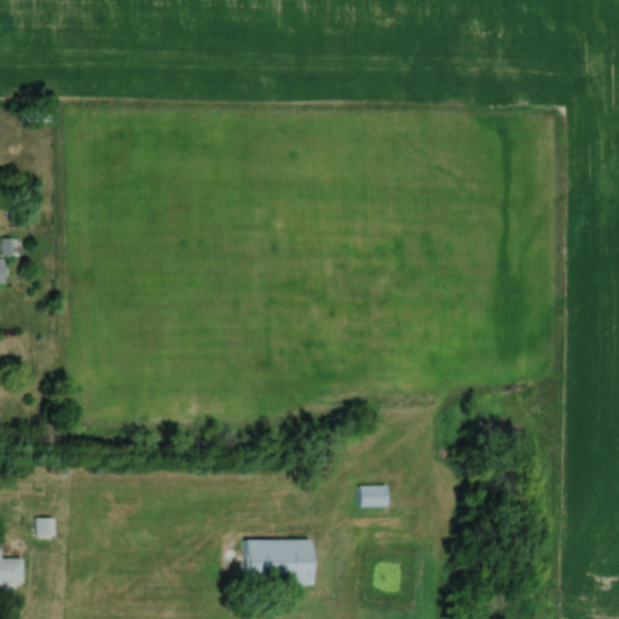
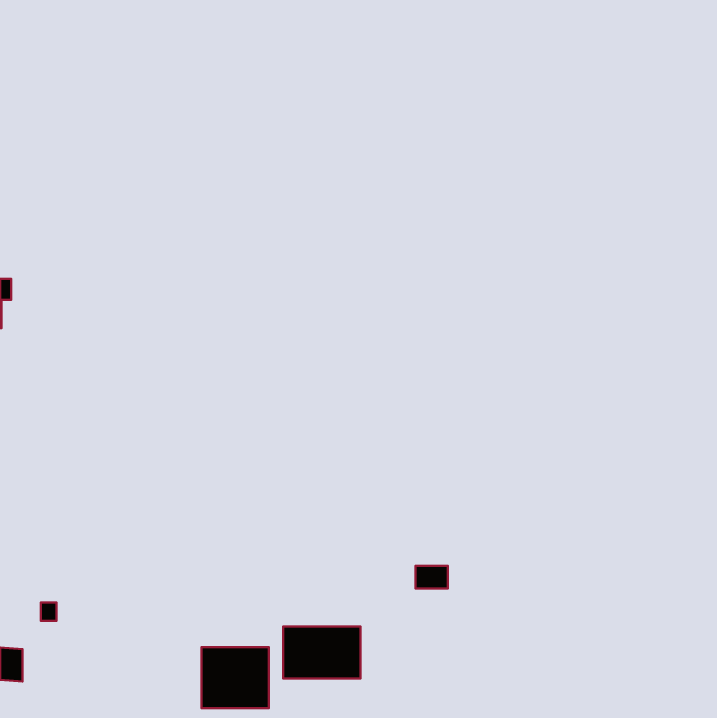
building: none -> [201,647,269,708]

